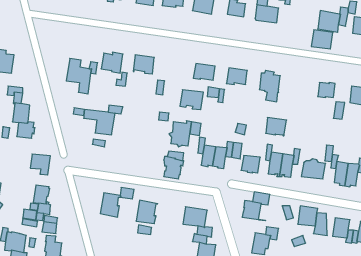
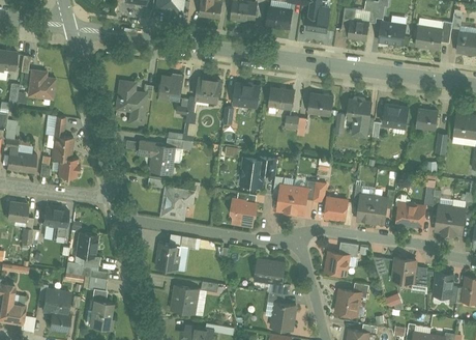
building: [311,30,333,49] -> [379,22,405,45]
building: [180,90,203,110] -> [232,84,260,108]
building: [266,118,287,136] -> [382,106,407,128]
building: none -> [163,188,194,220]
building: [30,154,50,175] -> [42,207,66,232]
building: [136,200,158,224] -> [171,285,197,313]

